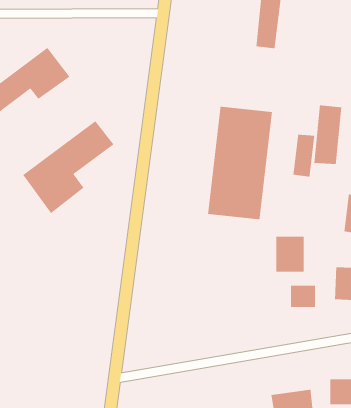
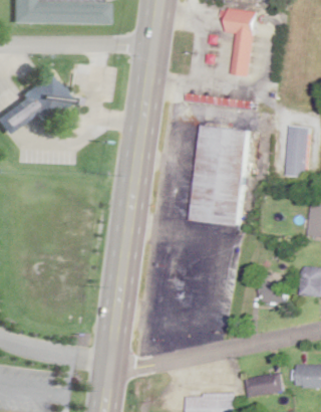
building: [22,120,114,214] -> none
building: [292,134,315,177] -> none
building: [276,236,305,273] -> none

